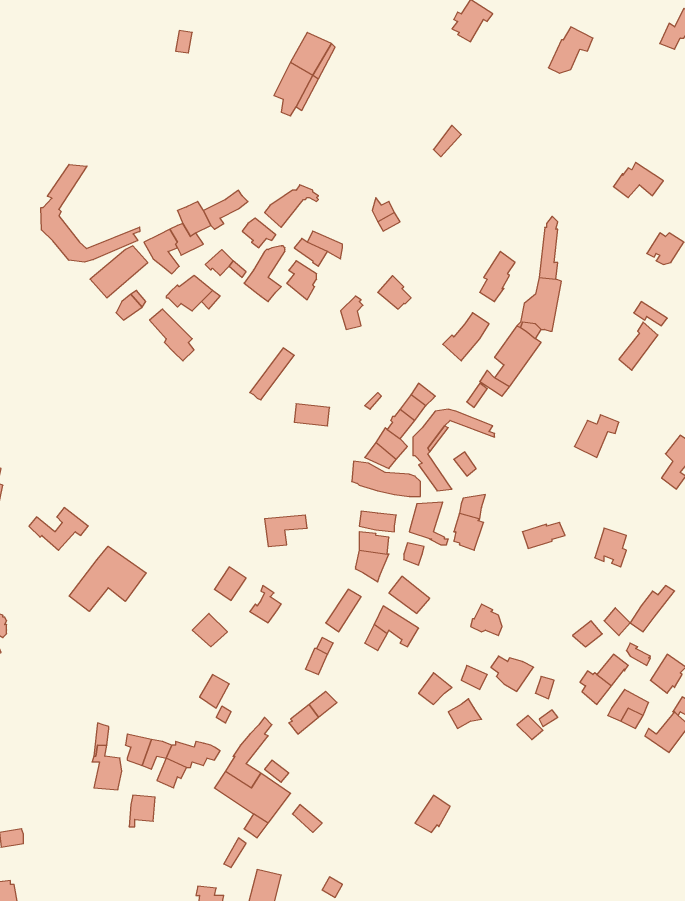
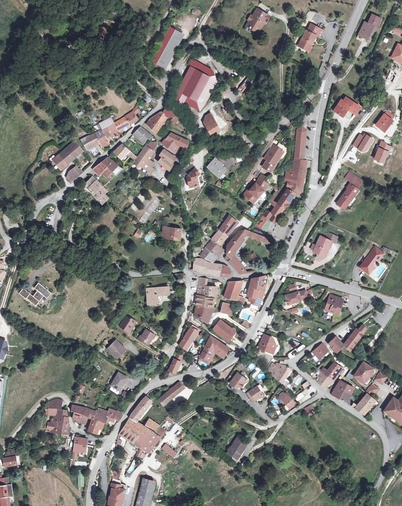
building: none -> [173,67,209,105]
building: [41,164,140,262] -> none
building: [69,546,146,611] -> none

